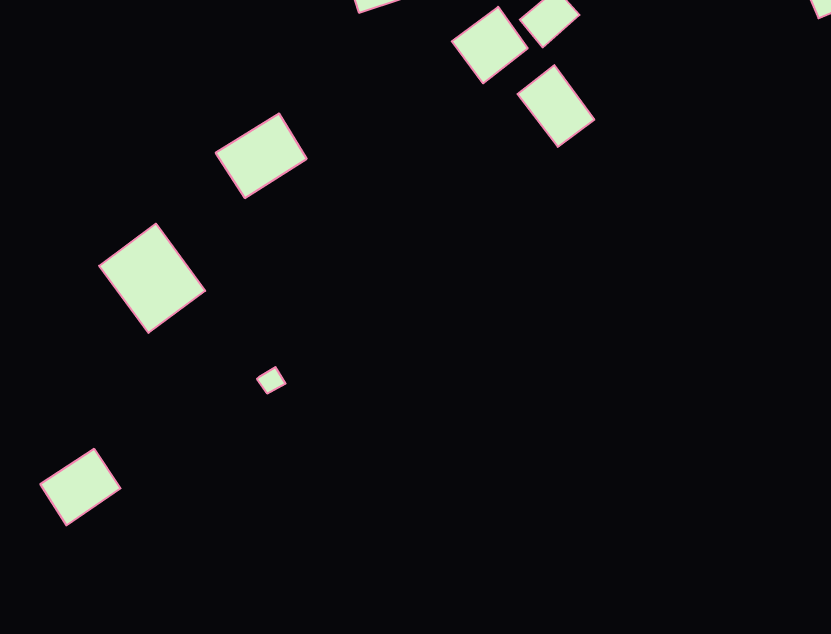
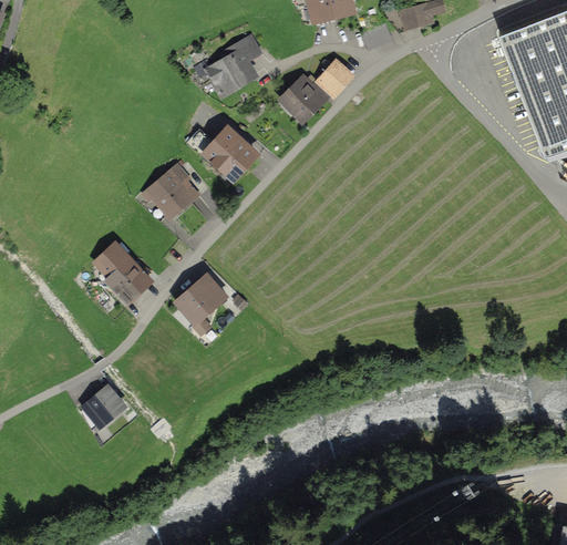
building: none -> [186,124,255,172]
building: [517,65,594,147] -> none
building: none -> [181,274,228,318]

